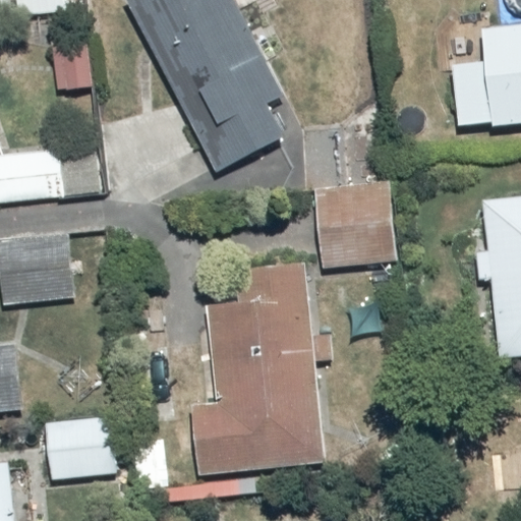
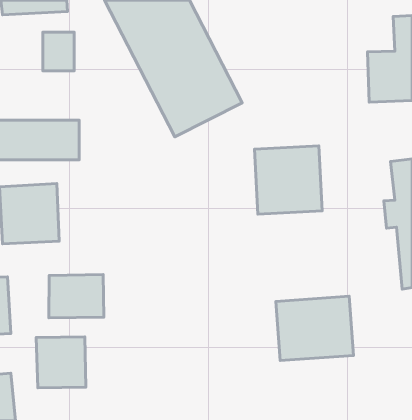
building: [193,266,324,475] -> none
building: none -> [49,274,104,318]
building: none -> [276,296,353,361]

